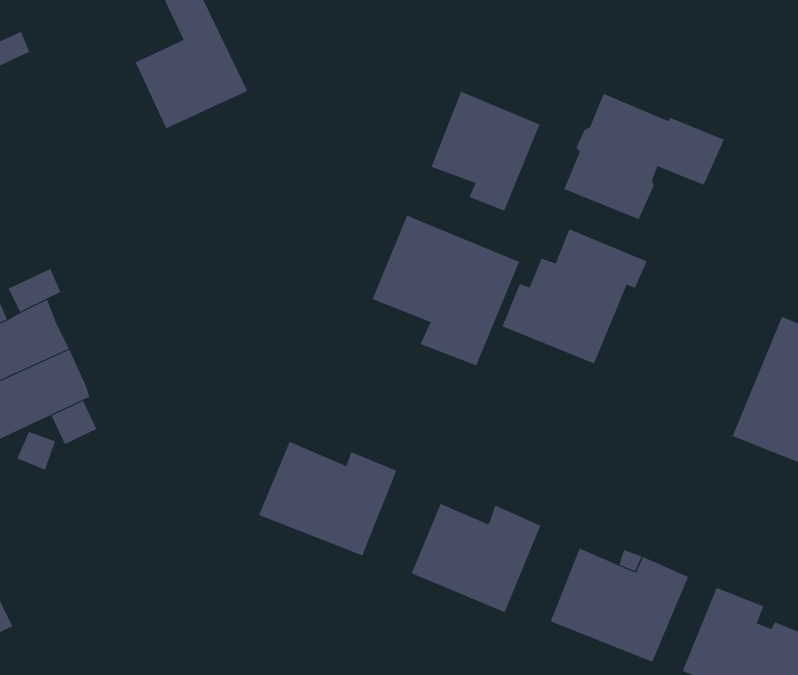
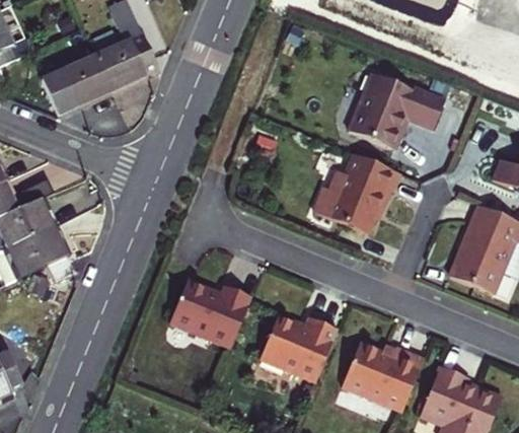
building: none -> [42,54,115,119]
building: [431,91,540,212] -> none
building: [372,215,520,366] -> none

